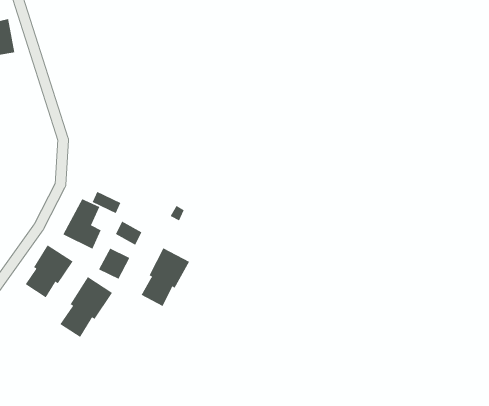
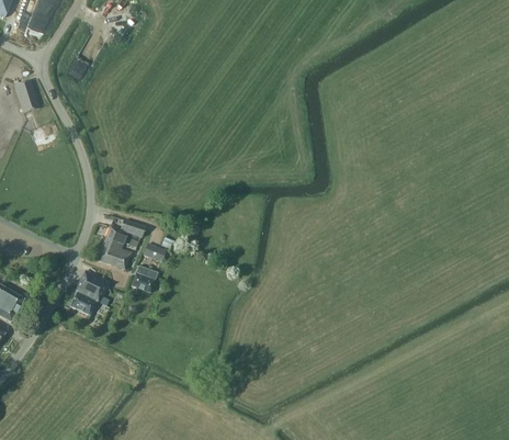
building: [141,247,190,307] -> none
building: [60,276,113,338] -> none

